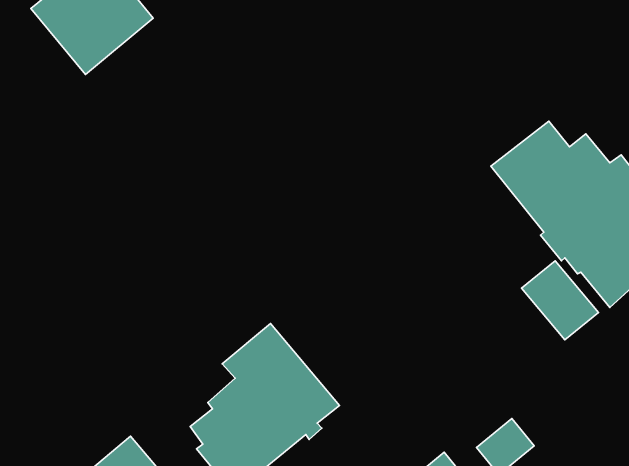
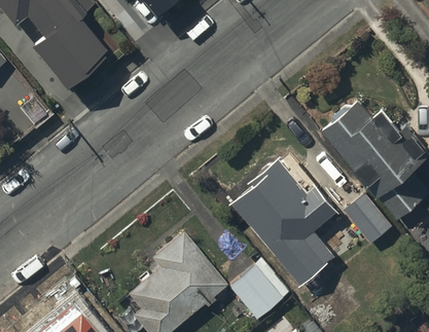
building: none -> [231,160,337,290]
building: none -> [228,266,282,321]

